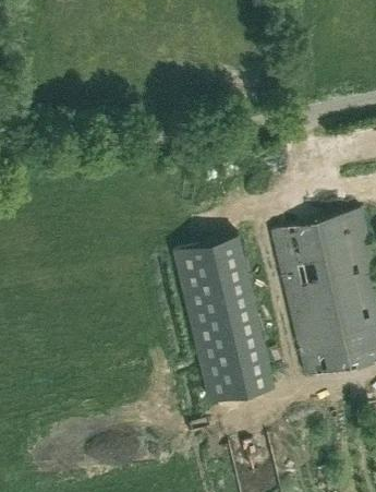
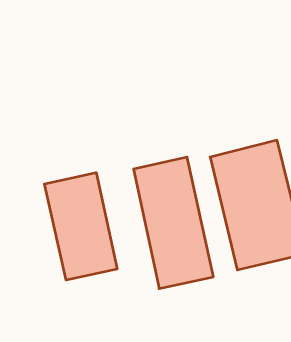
building: none -> [44,173,117,280]

